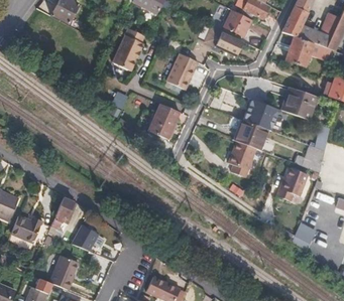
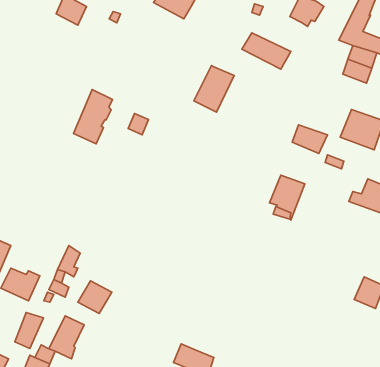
building: [224,10,251,34] -> none
building: [113,28,144,71] -> [73,90,112,144]
building: [146,105,179,139] -> none
building: [233,120,265,150] -> none
building: [273,168,303,200] -> none
building: none -> [15,313,44,348]

